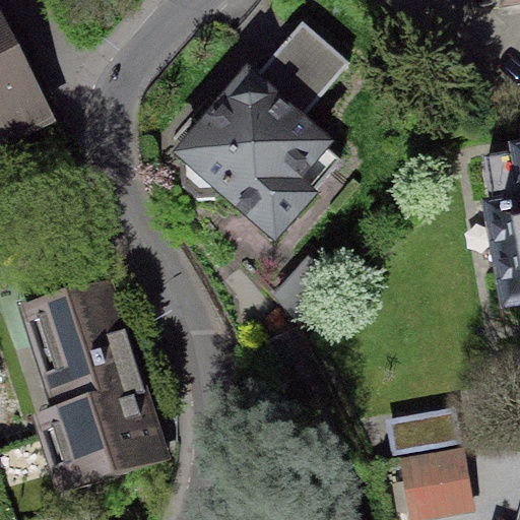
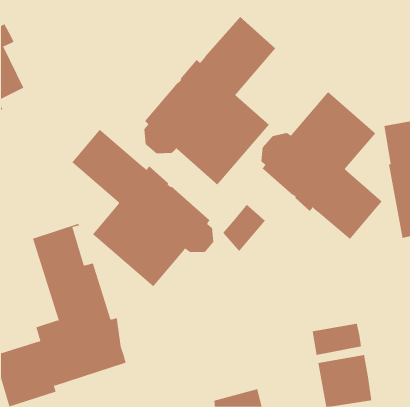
building: none -> [261,91,383,240]
building: none -> [72,129,214,287]

